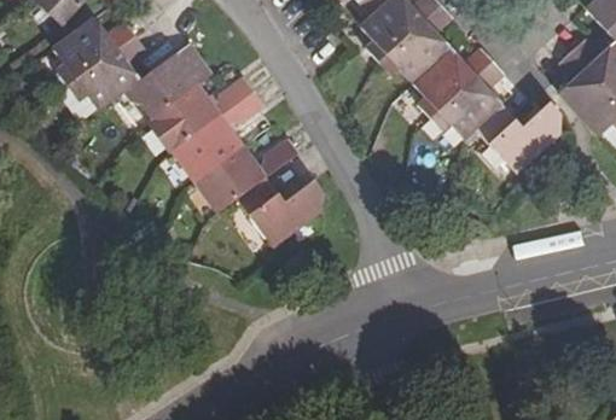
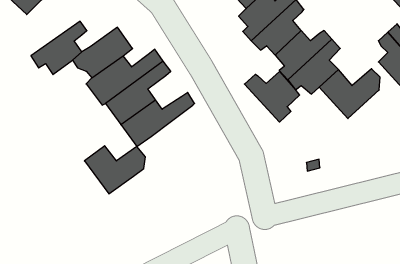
building: [52,18,135,83] -> none
building: none -> [244,72,300,122]
building: [237,176,324,245] -> [84,146,145,194]

